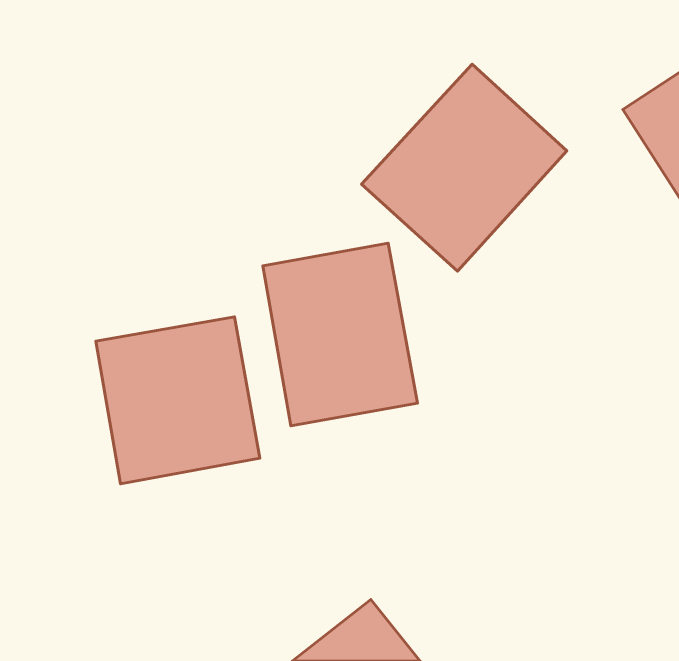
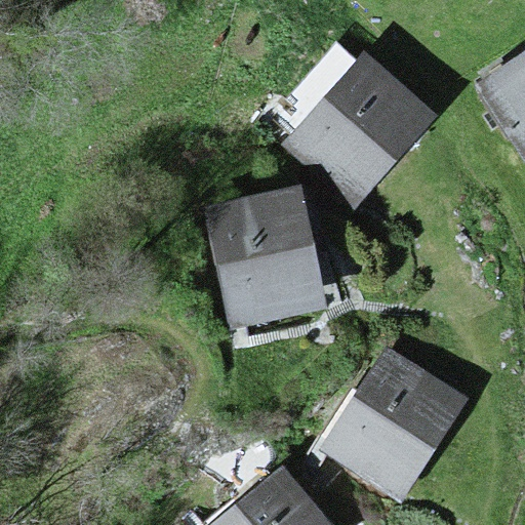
building: [96,317,260,484] -> none
building: none -> [323,349,467,501]

